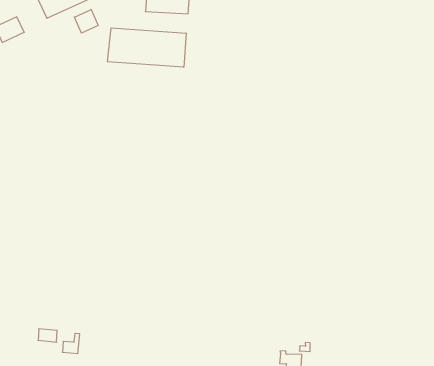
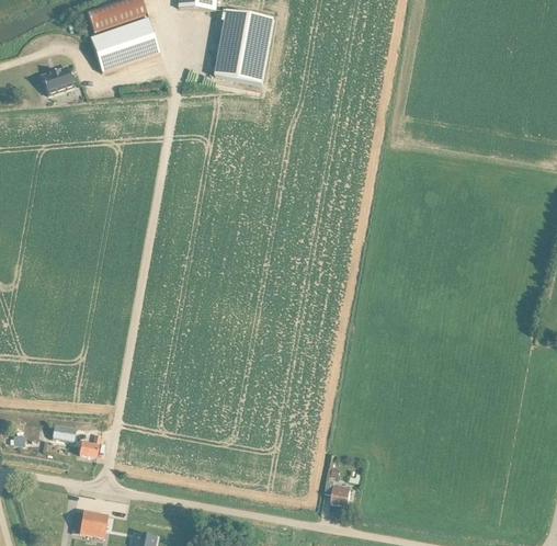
building: [74,9,98,33] -> none
building: [107,28,186,67] -> none

